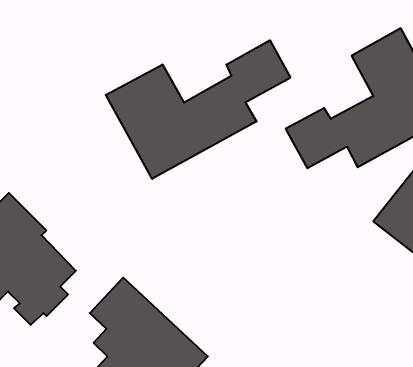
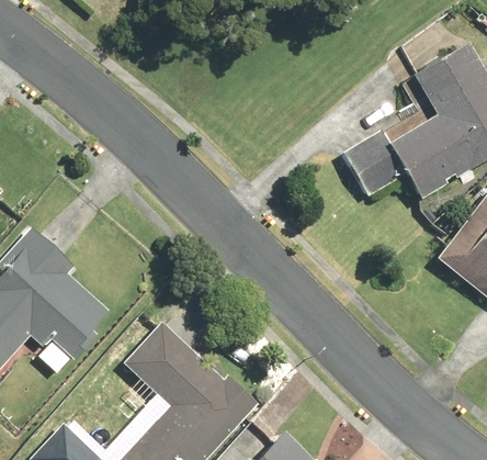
building: [106,40,290,179] -> none

